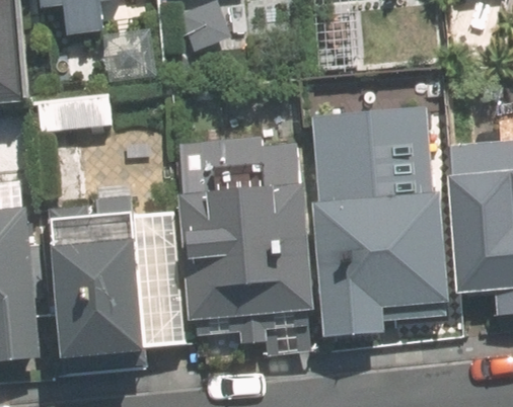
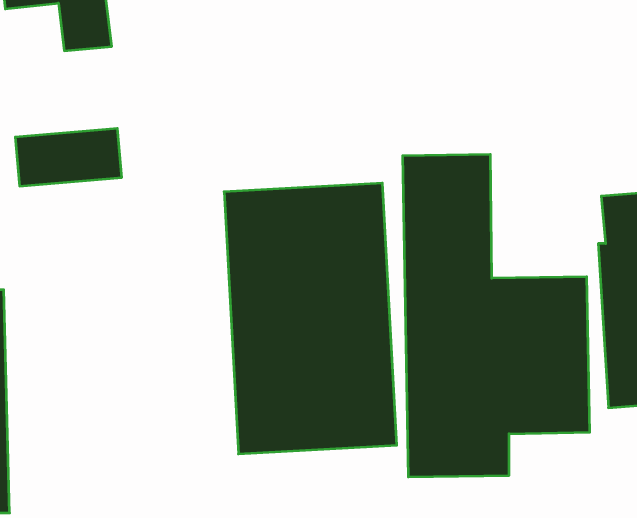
building: [54,225,138,349] -> none

